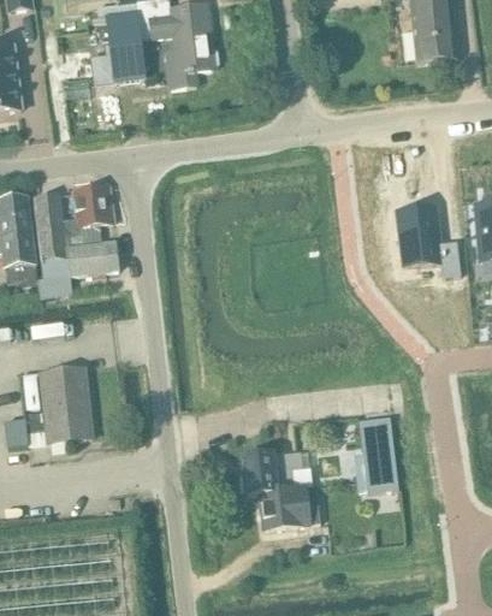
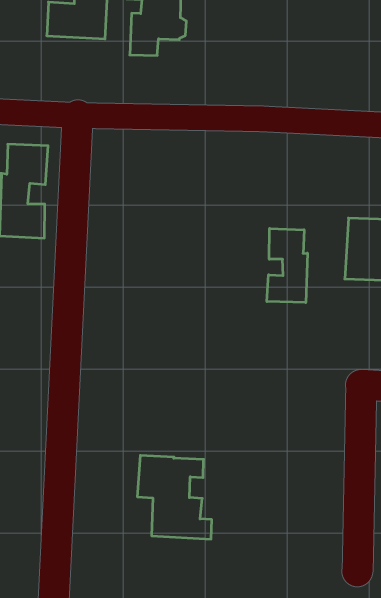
building: none -> [267,228,307,303]
building: [357,416,397,491] -> none

